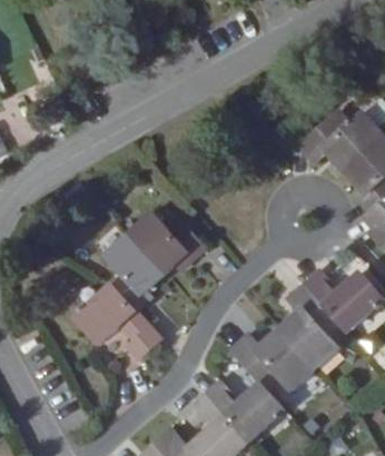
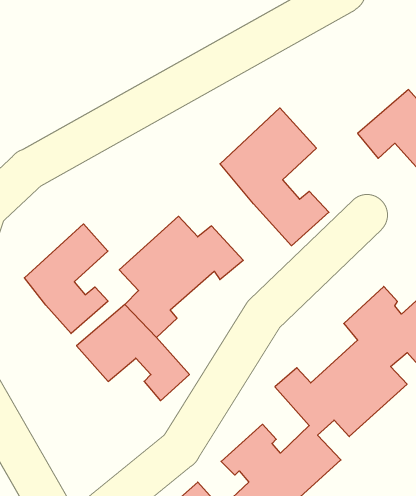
building: none -> [220,108,329,246]
building: none -> [24,224,108,334]

